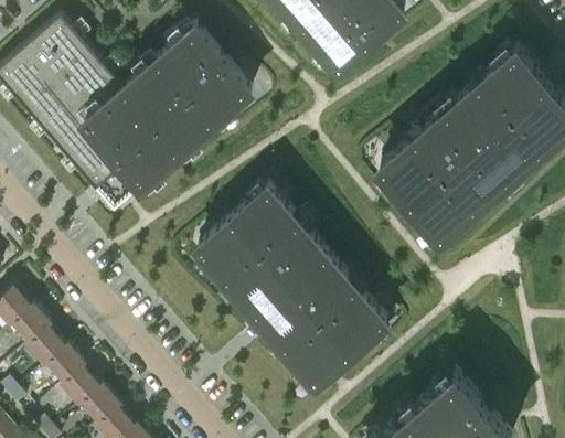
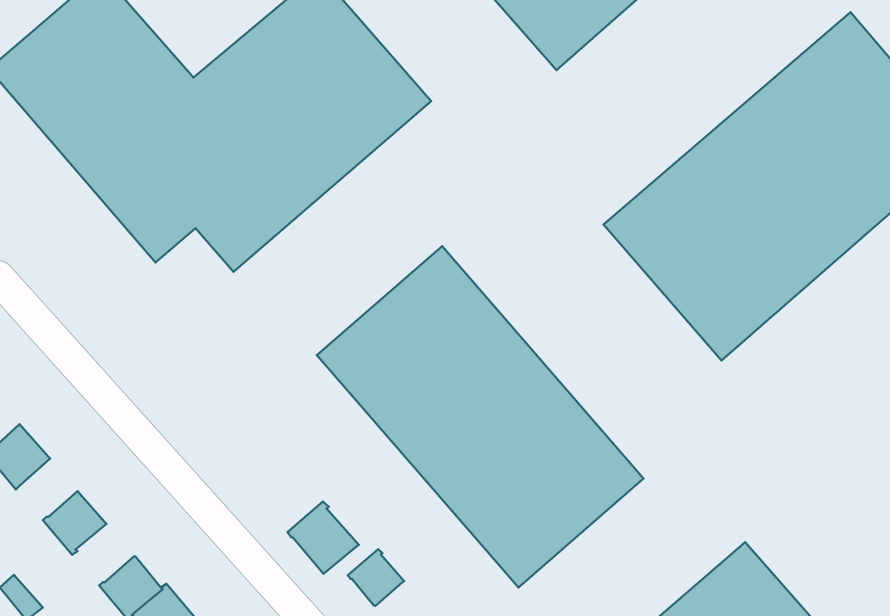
building: [13,311,52,350] -> none
building: none -> [287,501,359,574]
building: [47,351,86,389] -> none
building: none -> [348,549,404,606]

